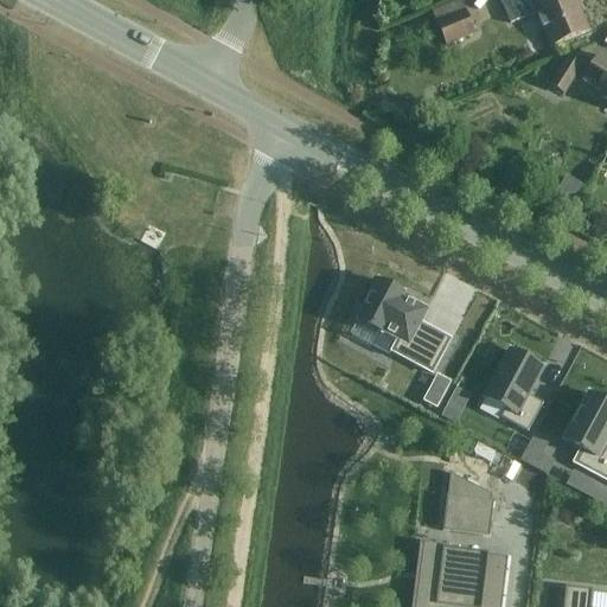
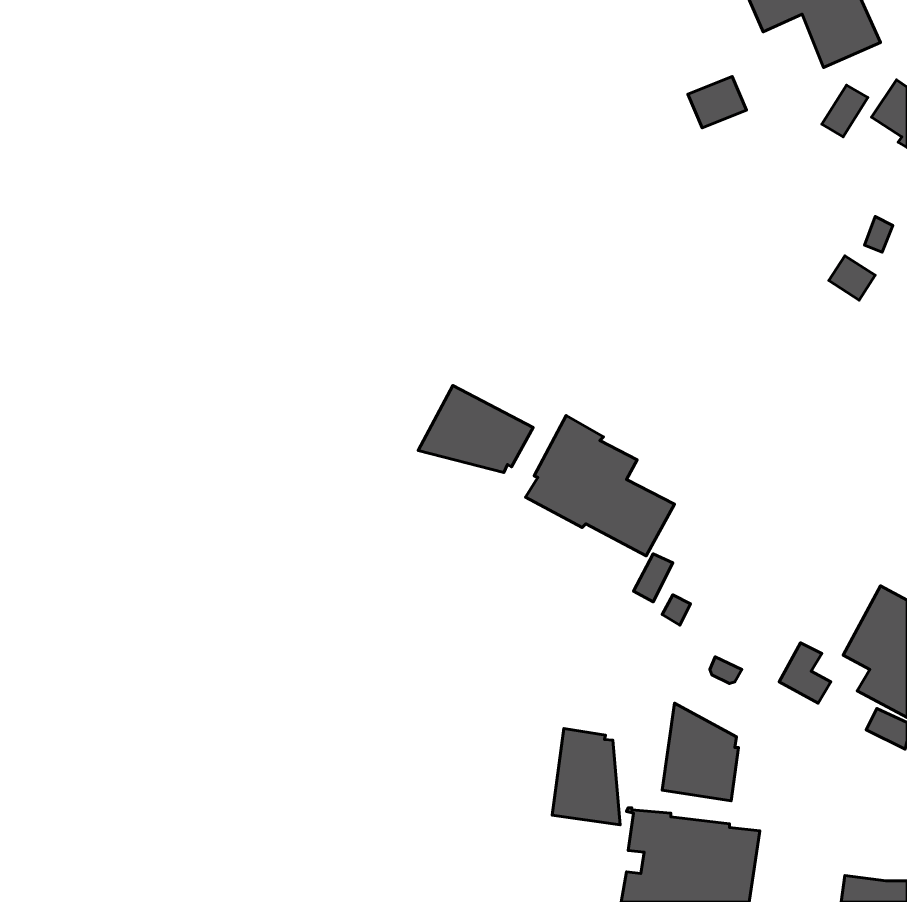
building: [435,8,474,43] -> [688,76,746,128]
building: none -> [418,385,533,473]
building: [484,349,542,430] -> none
building: none -> [552,729,620,825]

